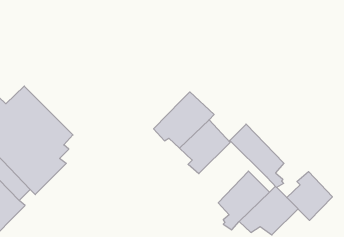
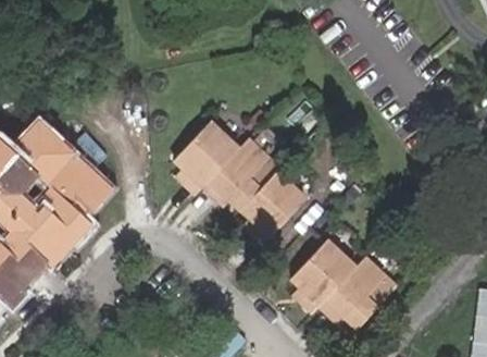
building: none -> [178,115,242,188]
building: [230,124,284,187] -> none
building: [287,172,332,220] -> none

